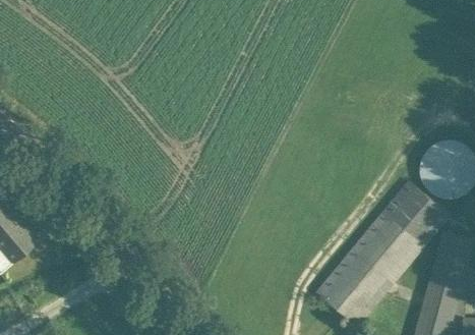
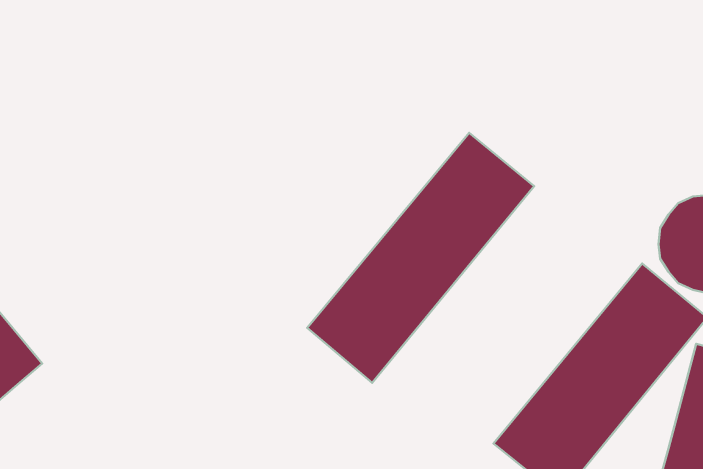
building: none -> [307,133,534,383]

